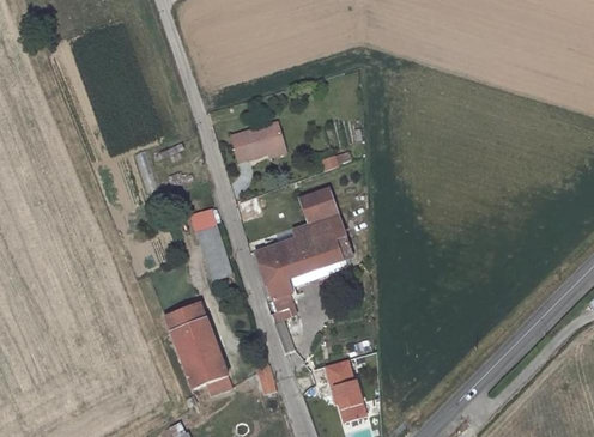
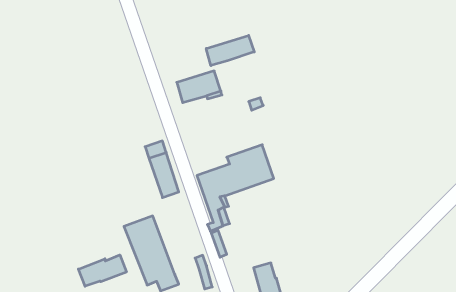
building: none -> [206,35,254,66]
building: [299,188,335,221] -> none
building: none -> [78,255,126,286]

